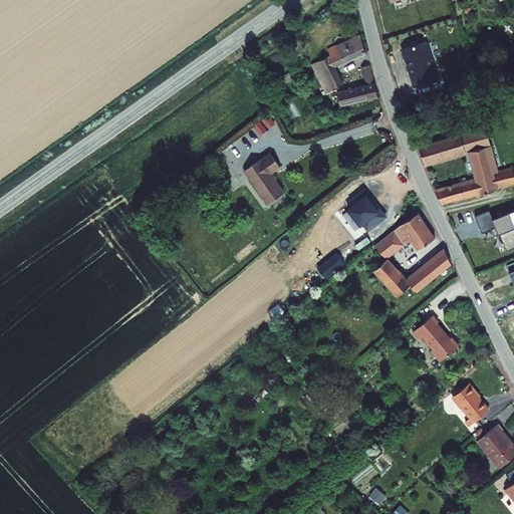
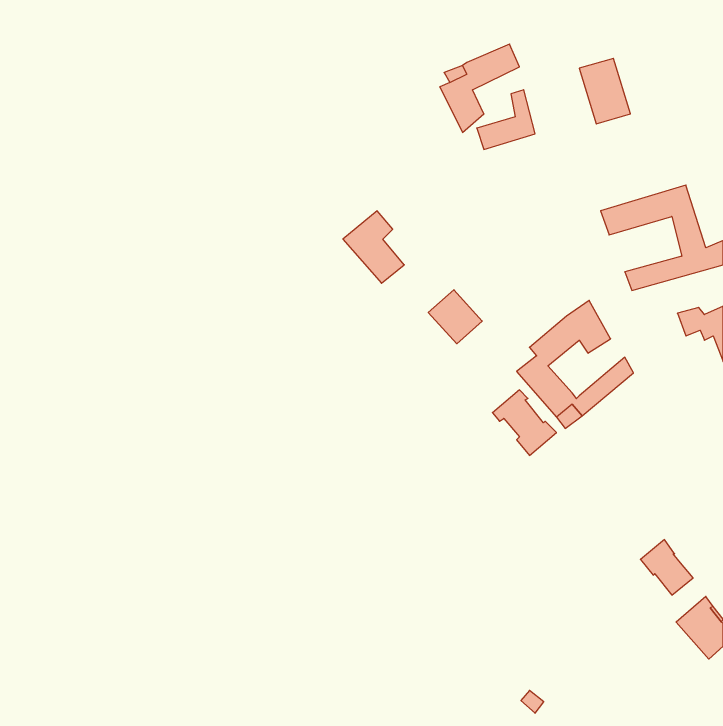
building: [342,193,380,231] -> [428,290,482,344]
building: [411,316,456,362] -> [492,390,556,455]

